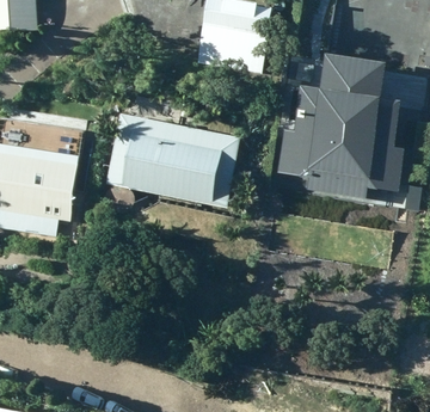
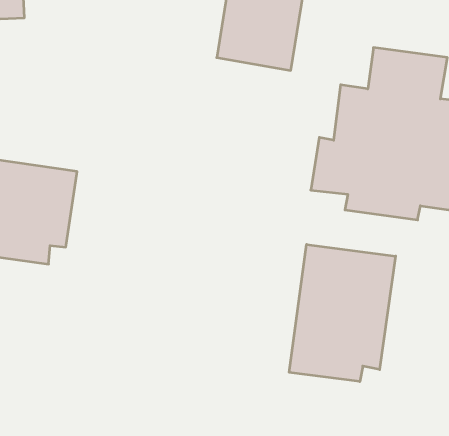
building: [109,111,242,205] -> none
building: none -> [289,244,396,382]

